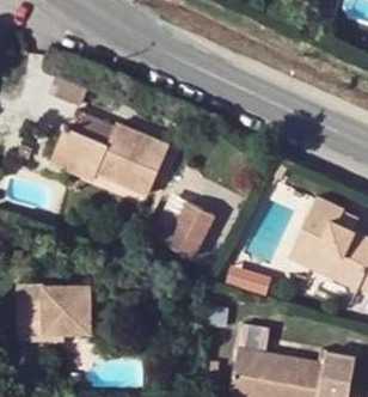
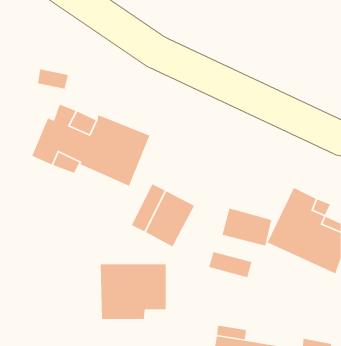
building: none -> [221,207,272,247]
building: [29,293,97,350] -> [100,264,167,320]

